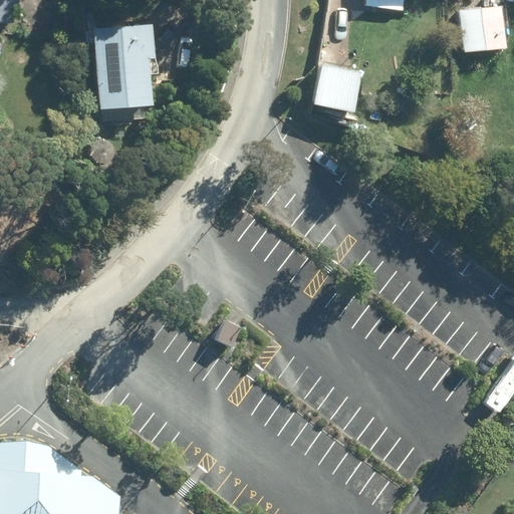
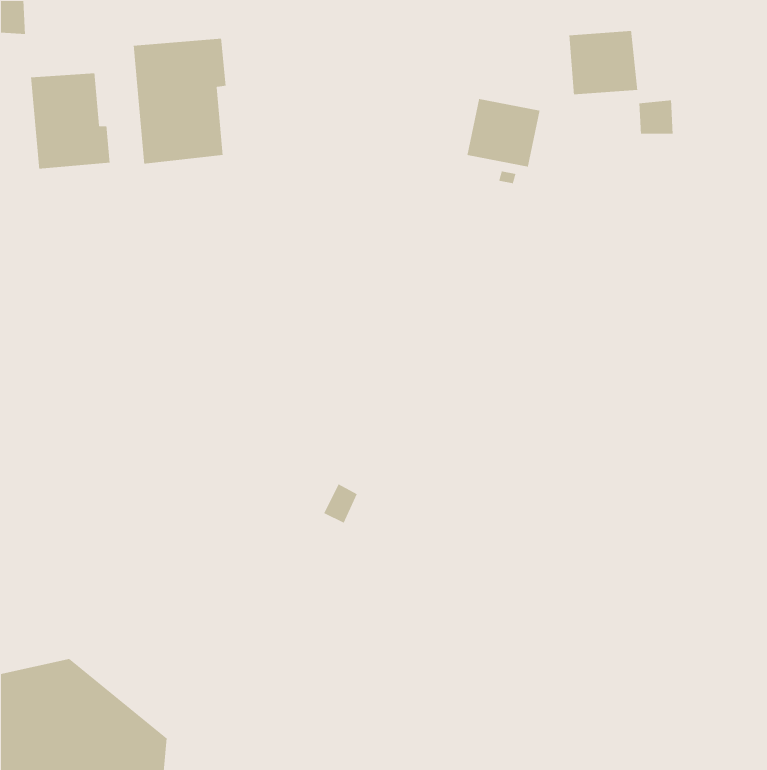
building: [461,8,507,51] -> [569,30,638,95]
building: none -> [30,73,110,170]

